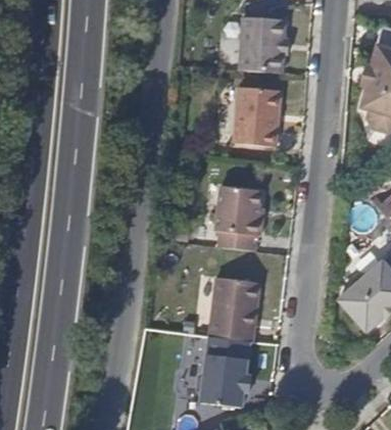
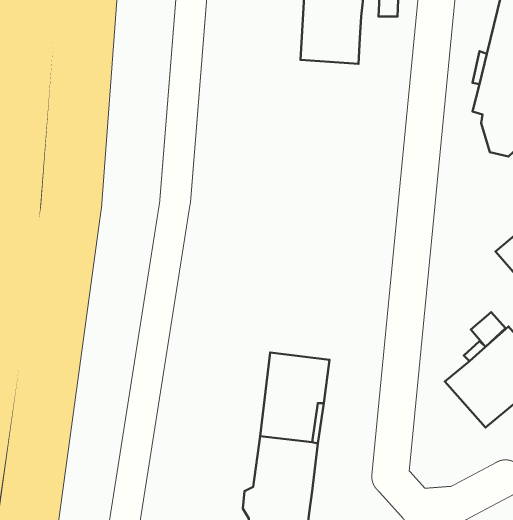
building: [236,88,279,147] -> none
building: [213,188,260,239] -> none

